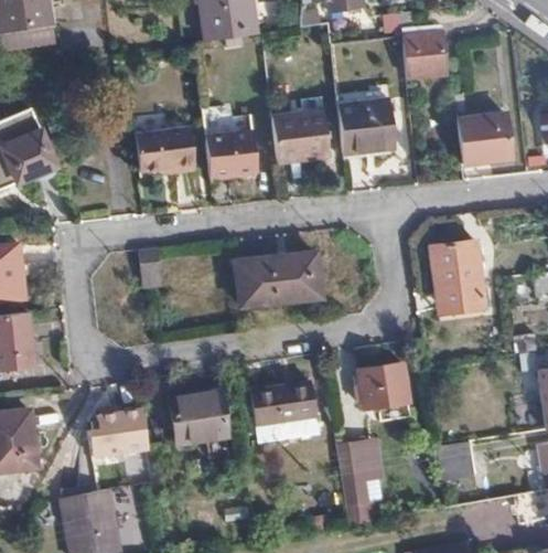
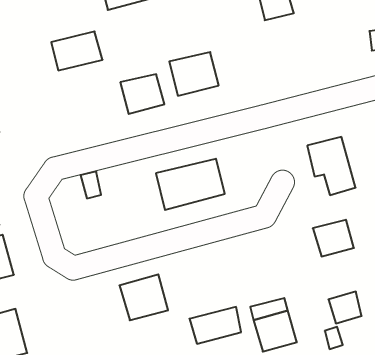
building: [337,102,395,156] -> none
building: [459,115,512,162] -> none
building: [135,127,197,171] -> [51,31,103,70]
building: [357,362,407,405] -> [313,220,354,256]
building: [254,384,318,425] -> [189,307,241,344]
building: [90,408,149,455] -> none

